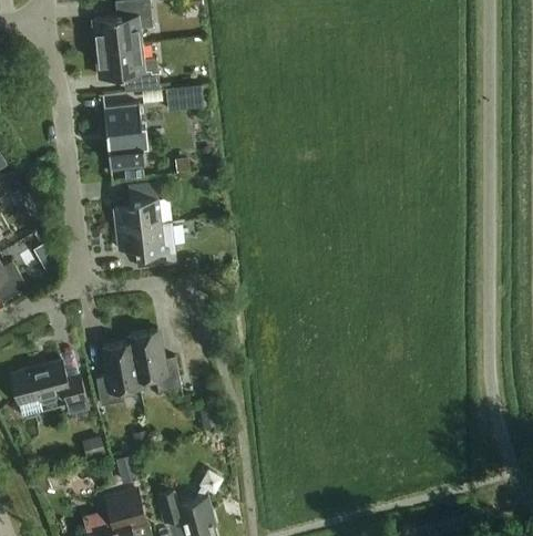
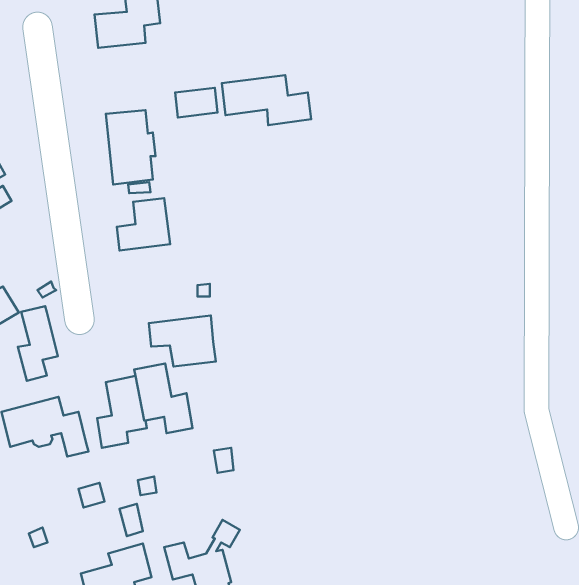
building: [96,44,158,92] -> none
building: none -> [222,75,311,125]
building: [115,223,175,268] -> [149,316,216,367]
building: none -> [18,306,58,381]

